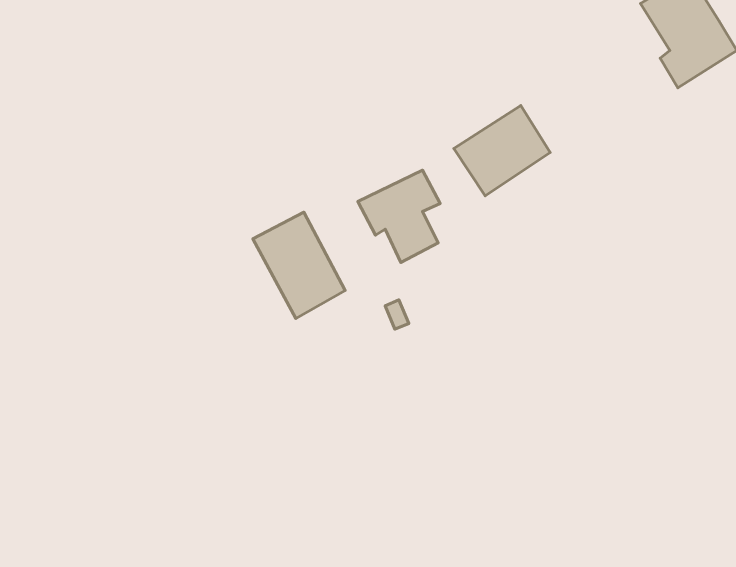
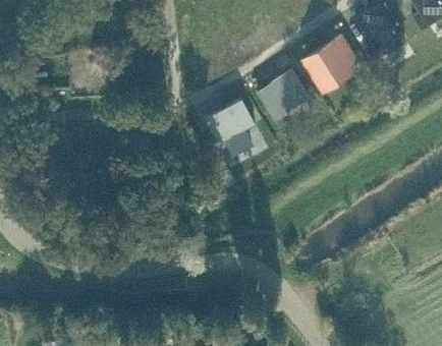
building: none -> [301,35,358,88]
building: [253,212,345,318] -> none

